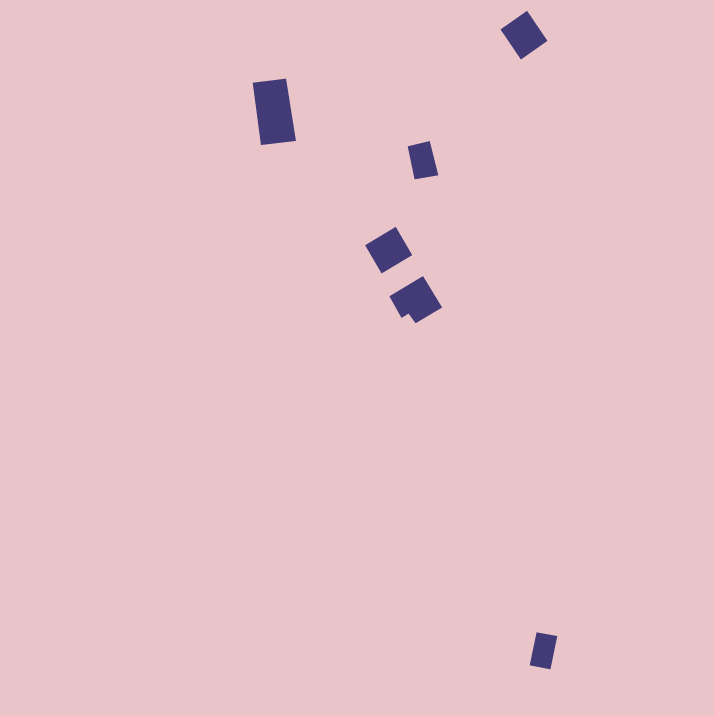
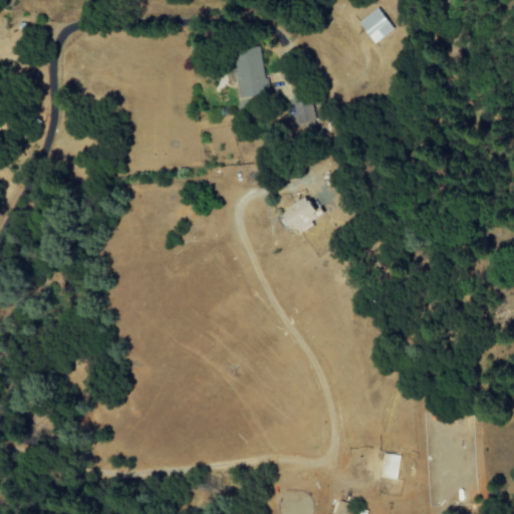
building: [252,78,297,146] -> [236,49,268,97]
building: [364,226,413,275] -> none

